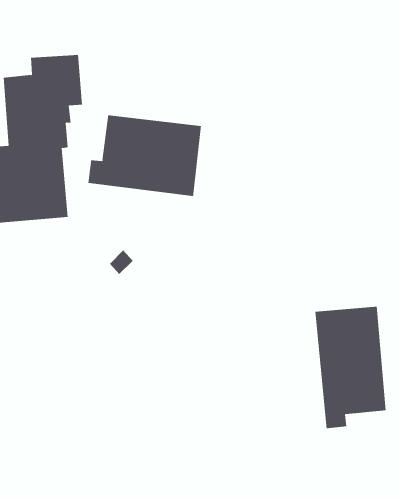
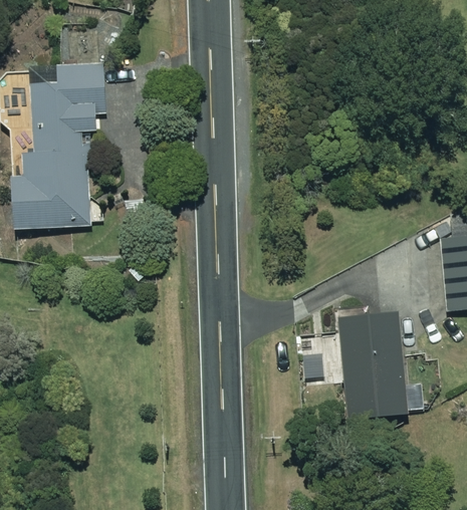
building: [88,114,202,197] -> none

